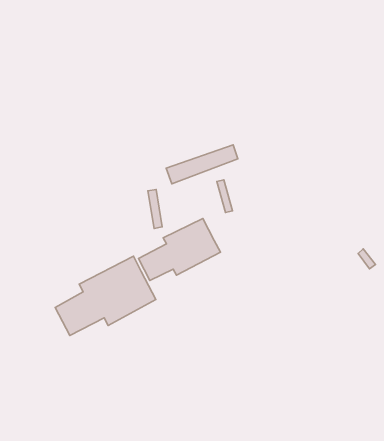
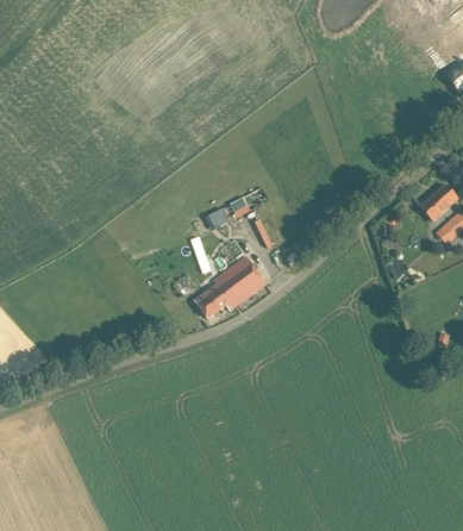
building: [55,256,156,336] -> none

